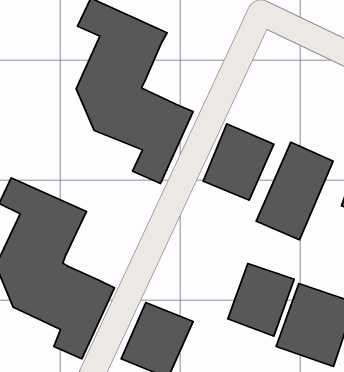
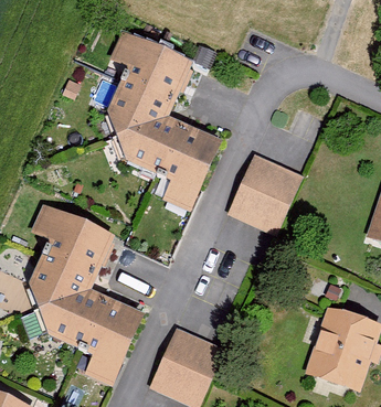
building: [256,142,333,240] -> none
building: [228,263,294,336] -> none

